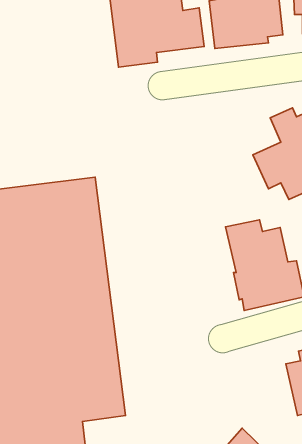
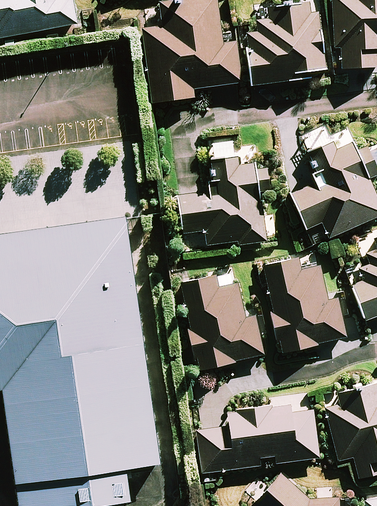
building: none -> [182,158,268,244]
building: none -> [182,275,262,368]
building: none -> [196,405,319,472]

